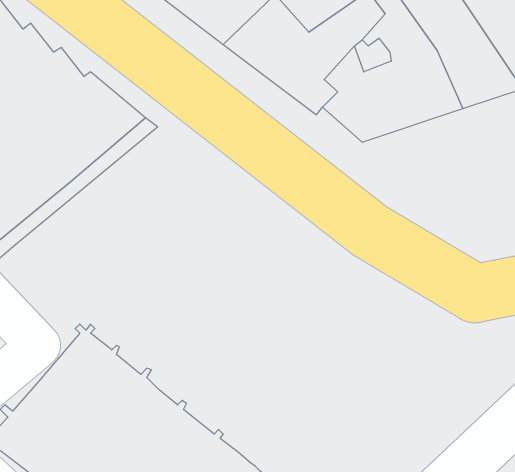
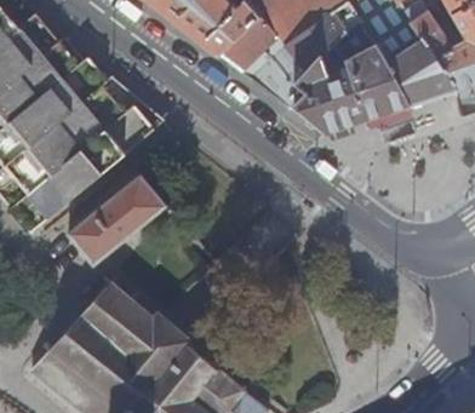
building: none -> [67,172,166,262]

